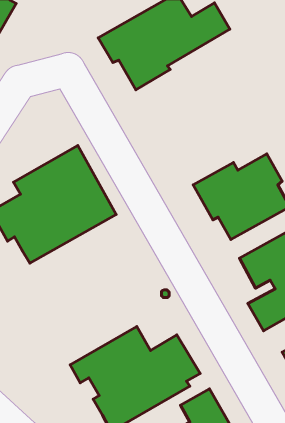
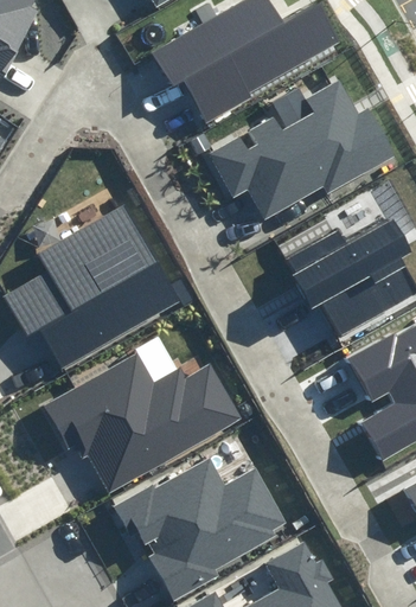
building: none -> [209,78,395,219]
building: none -> [38,349,237,493]

